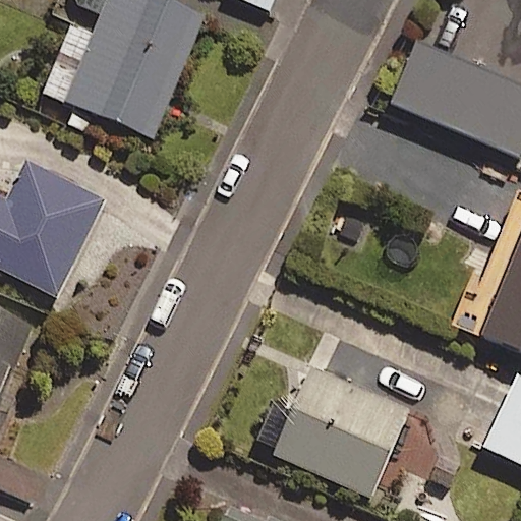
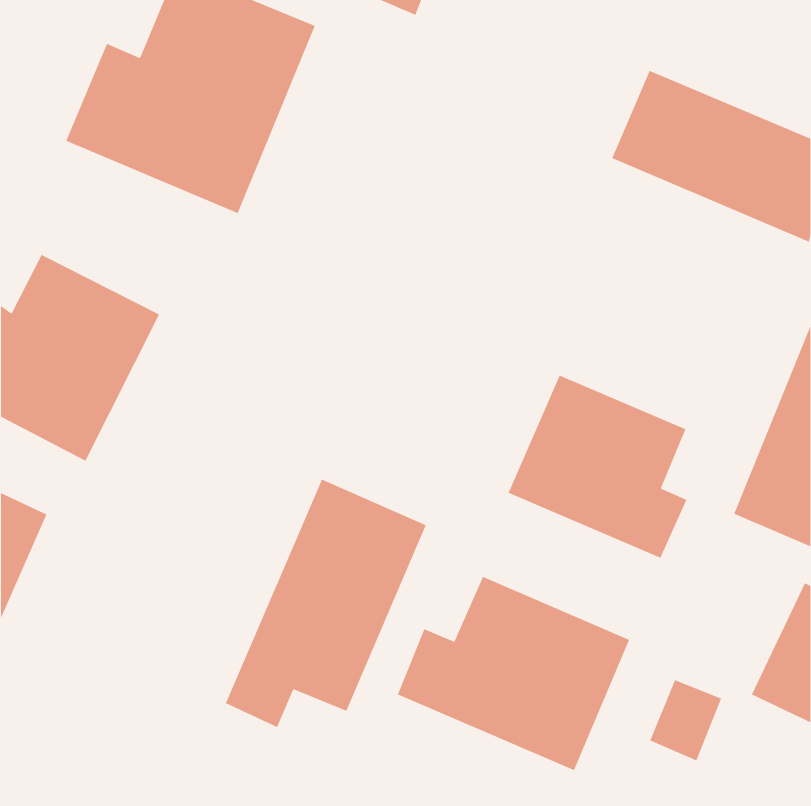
building: none -> [507,374,688,559]
building: none -> [225,478,427,728]

